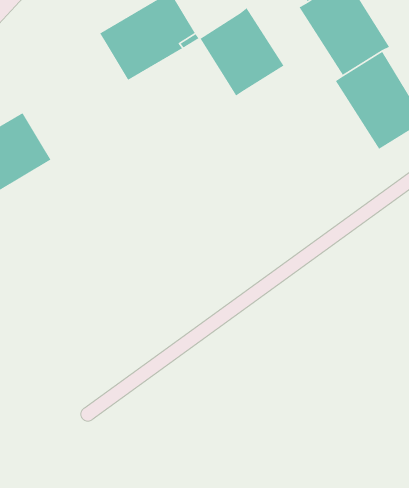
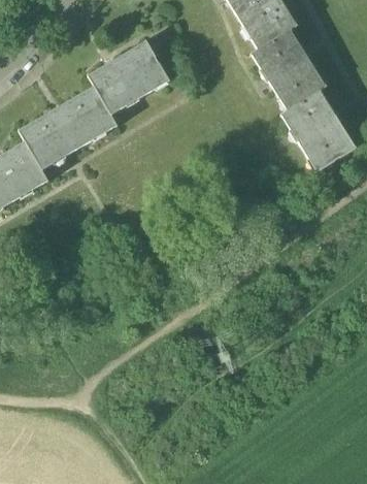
building: [199,7,285,97] -> none
building: none -> [18,86,116,169]

